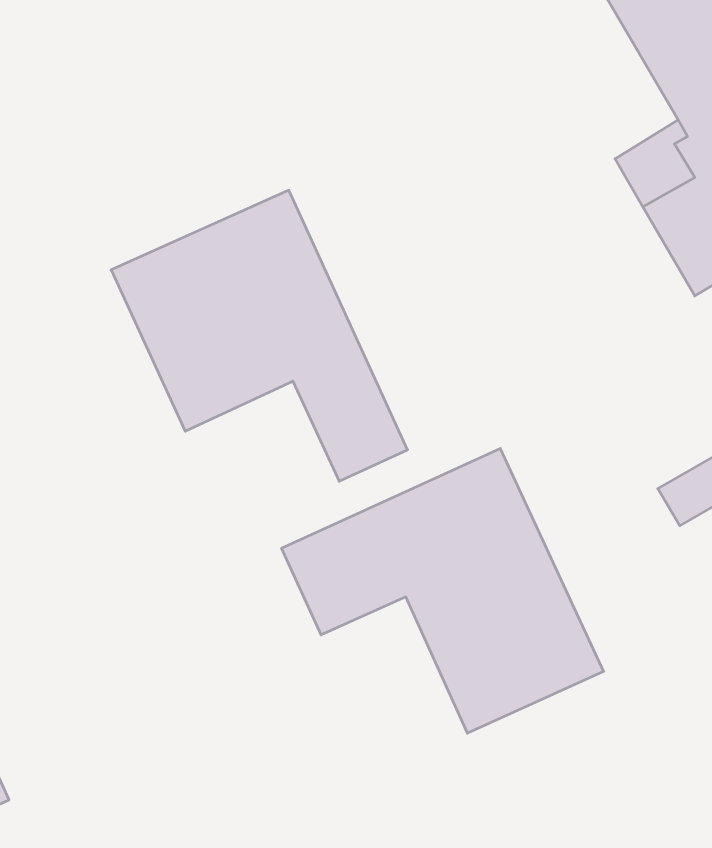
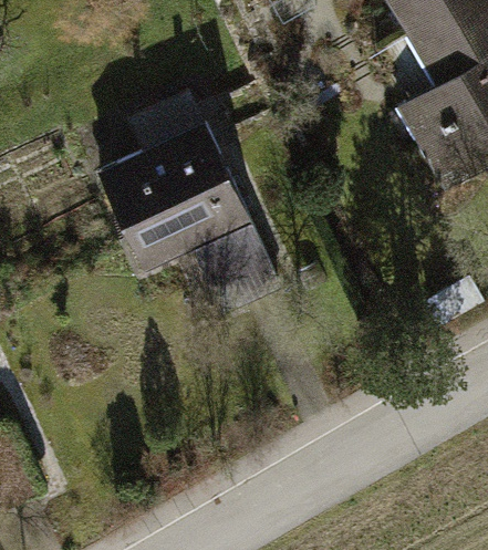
building: [282,448,604,733] -> none

